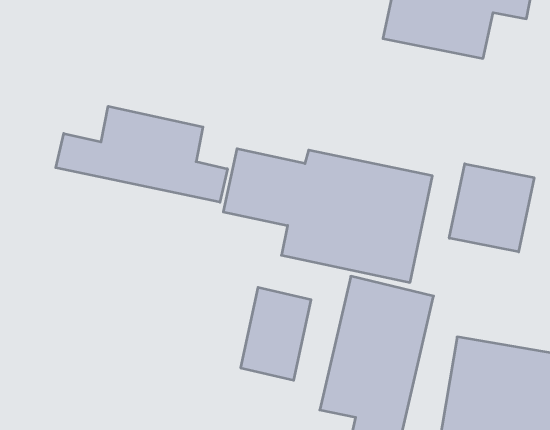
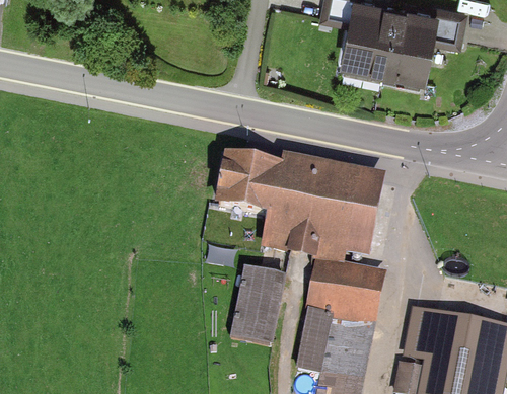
building: [56,106,227,202] -> none
building: [449,164,534,252] -> none

